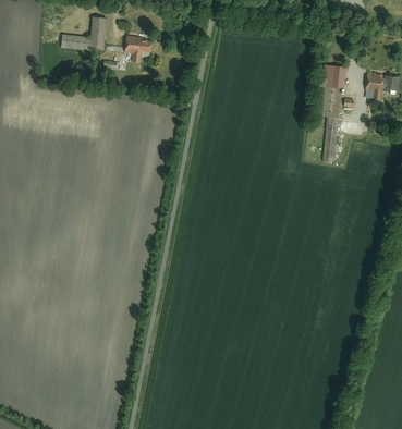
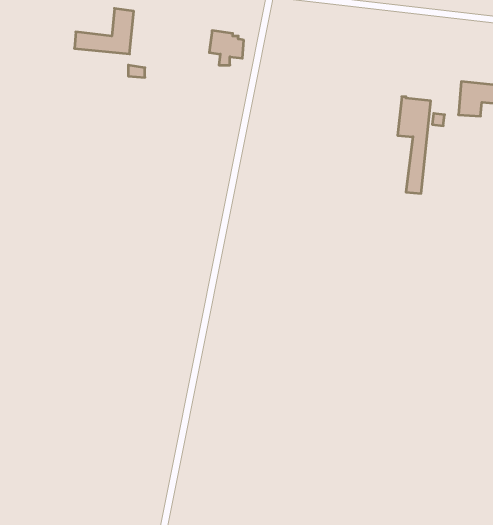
building: [124,35,151,62] -> [209,31,244,65]
building: [322,64,346,88] -> none

